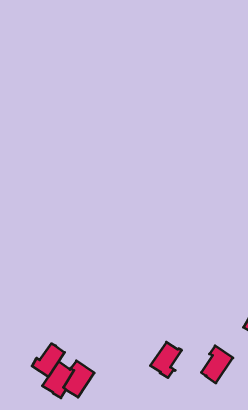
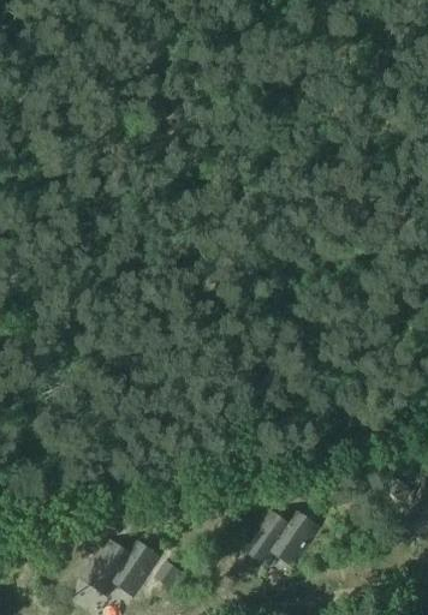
building: [32,344,65,377] -> none
building: [201,346,233,383] -> [274,510,321,566]

